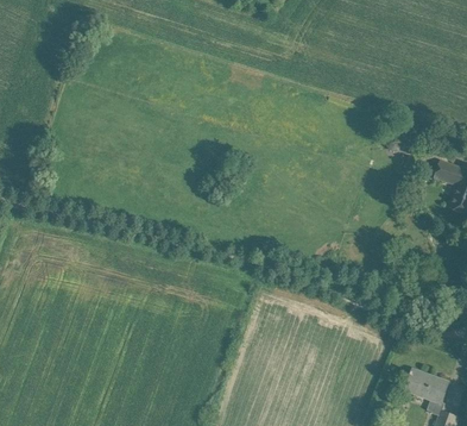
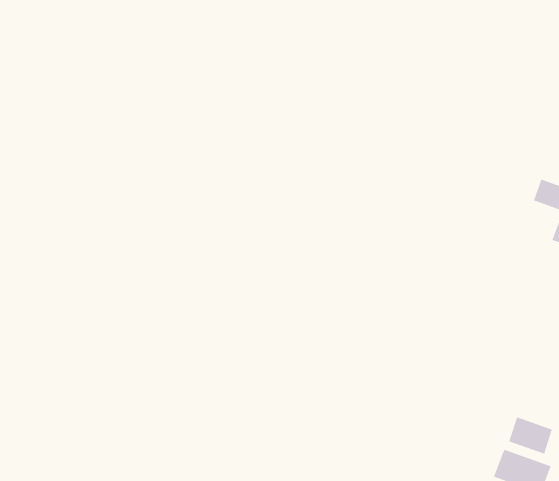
building: none -> [509,417,553,454]

